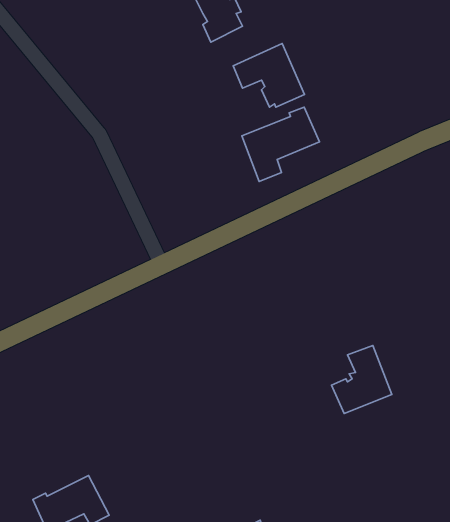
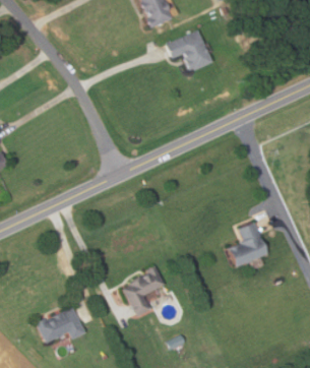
building: [242,107,319,182] -> none
building: none -> [124,266,166,316]

